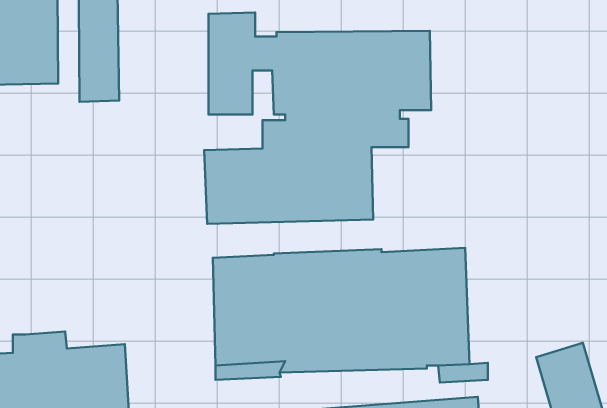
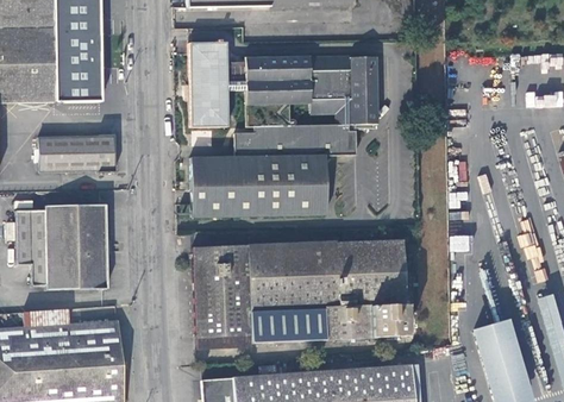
building: none -> [39,133,120,174]
building: none -> [18,203,107,288]

